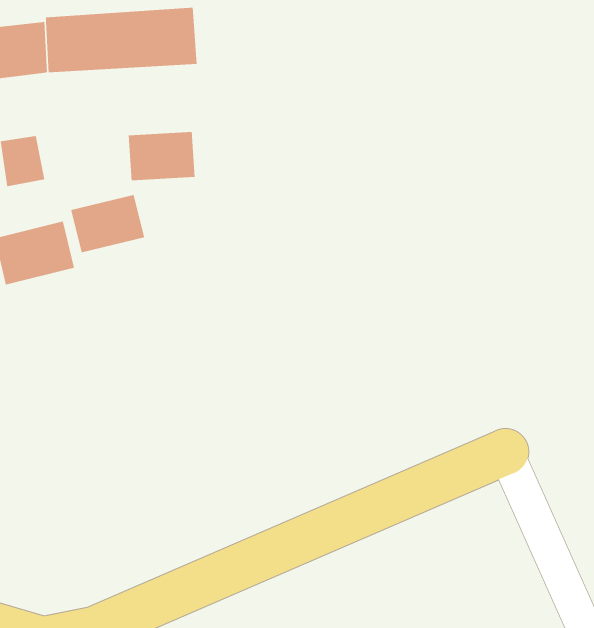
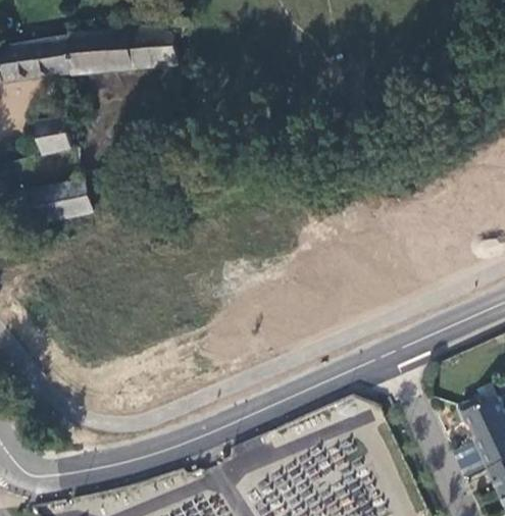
building: [128,131,195,181] -> none
building: [71,194,145,253] -> none

